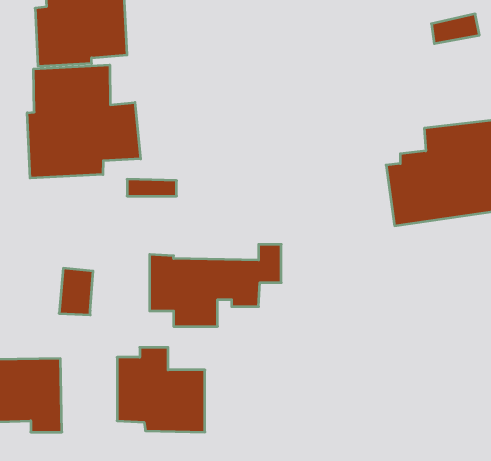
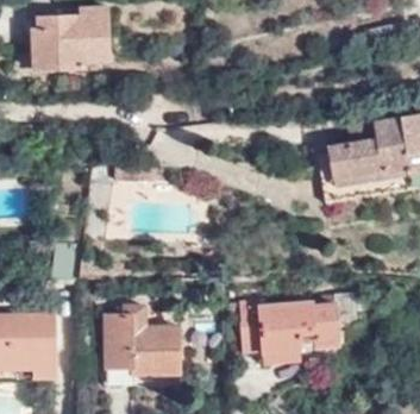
building: [27,65,141,178] -> none
building: [150,244,281,326] -> [244,291,355,360]

